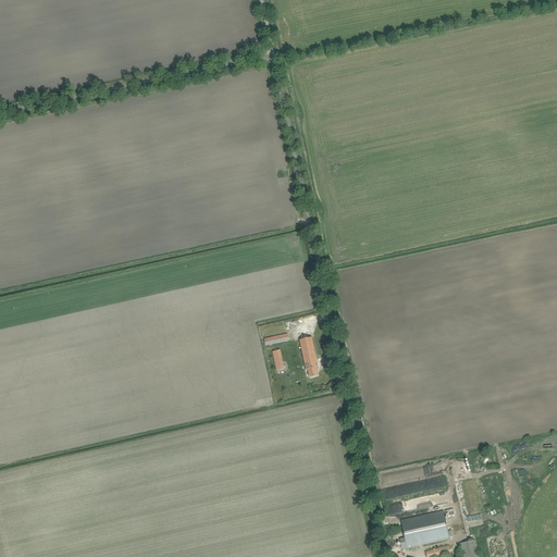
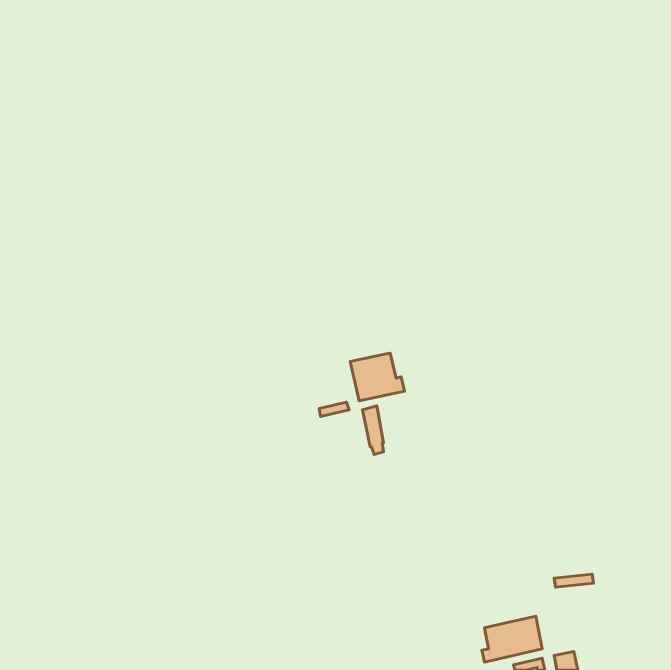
building: none -> [350,353,404,401]

